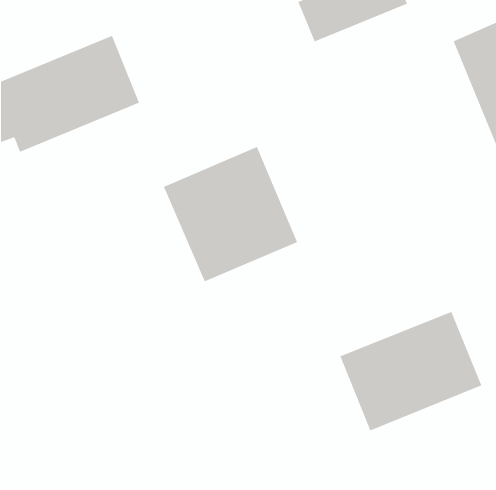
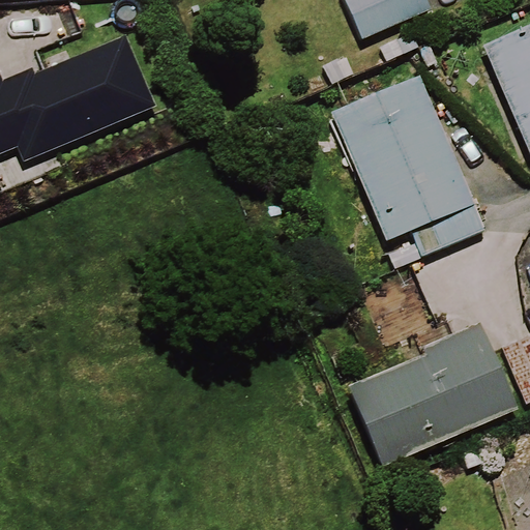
building: none -> [331,73,483,253]
building: [163,146,298,282] -> none

